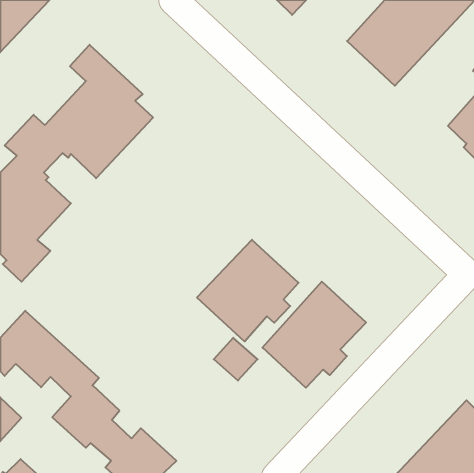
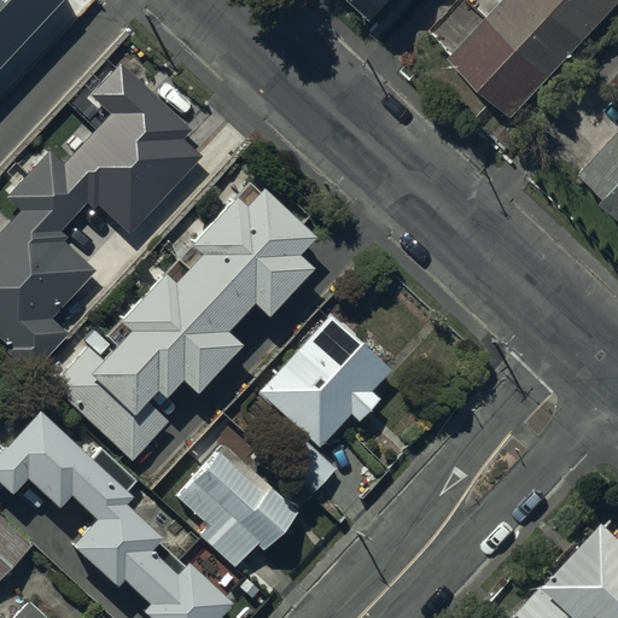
building: none -> [52,185,313,461]
building: [262,282,366,388] -> none
building: none -> [175,444,298,567]

